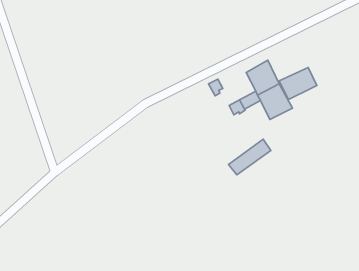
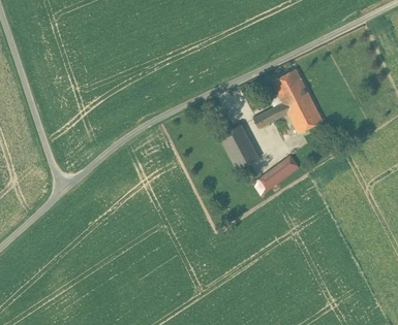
building: [279,67,317,100] -> none
building: none -> [219,124,258,169]

